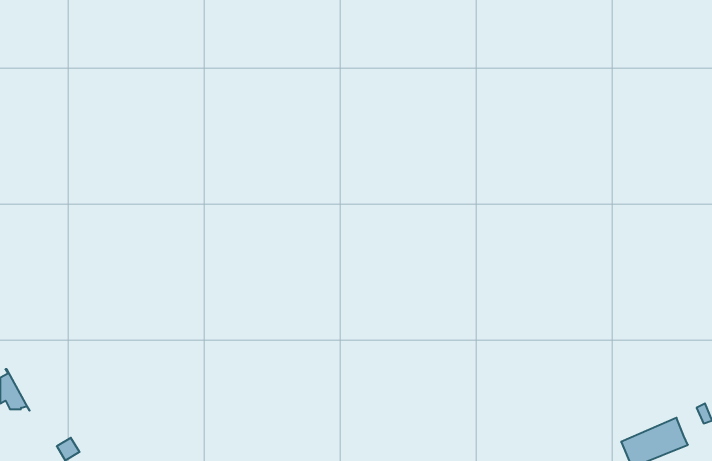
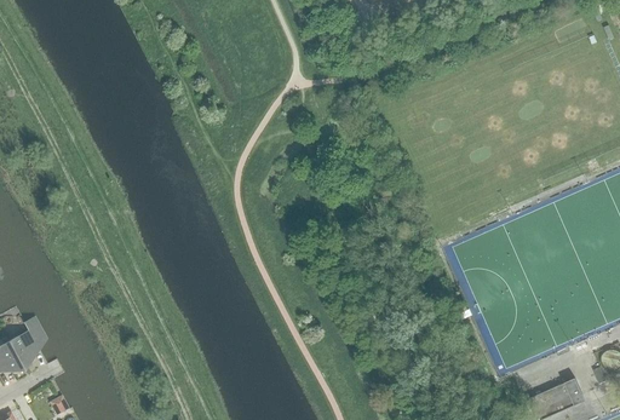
building: none -> [7,329,40,372]

